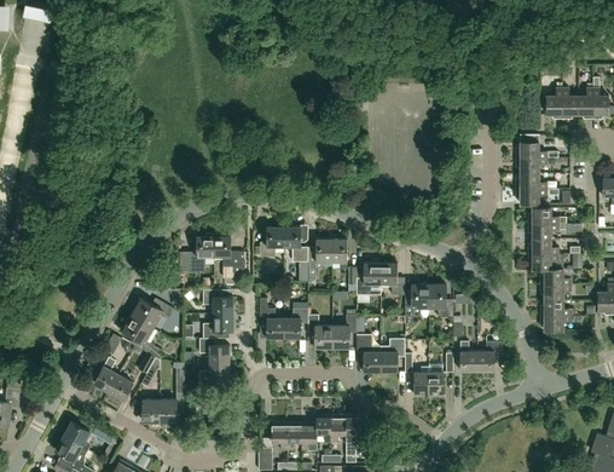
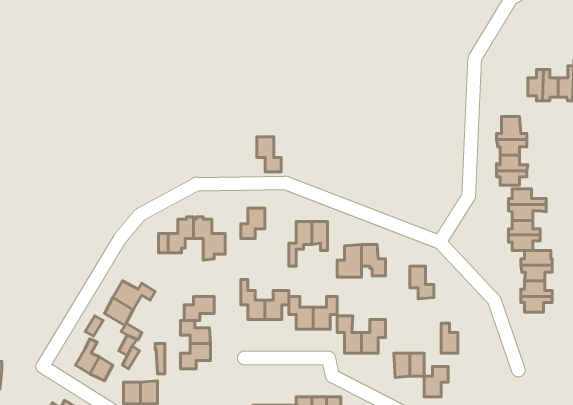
building: [284,226,308,261] -> [257,137,281,172]
building: [405,284,429,317] -> none
building: [203,290,233,315] -> none
building: [477,341,502,372] -> [424,366,448,397]

